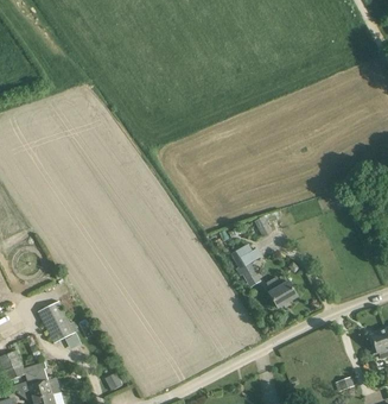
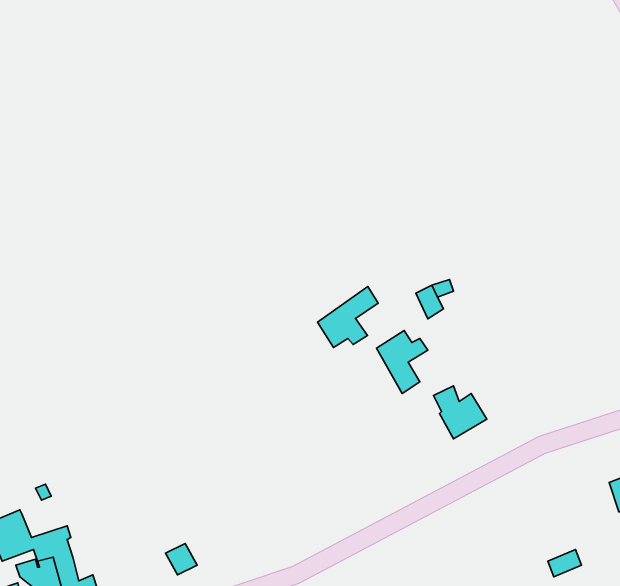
building: none -> [317,287,378,347]
building: [38,299,76,342] -> none

